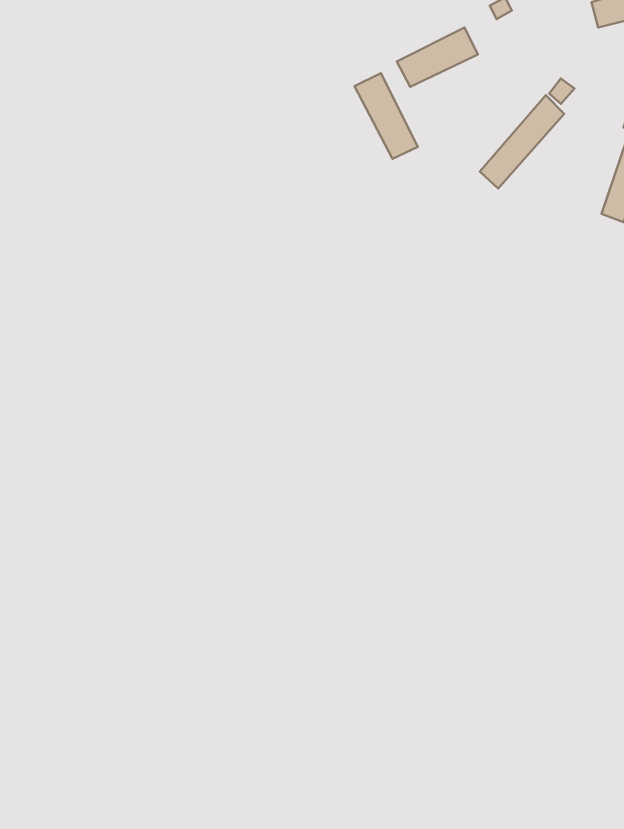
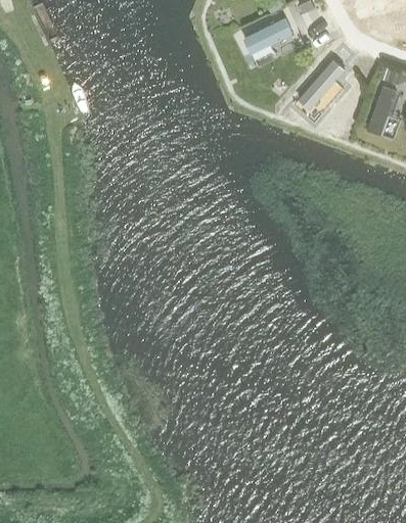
building: [354,73,418,159] -> none

